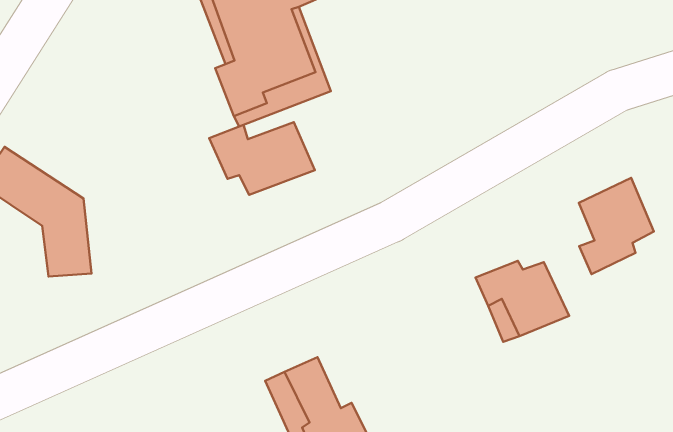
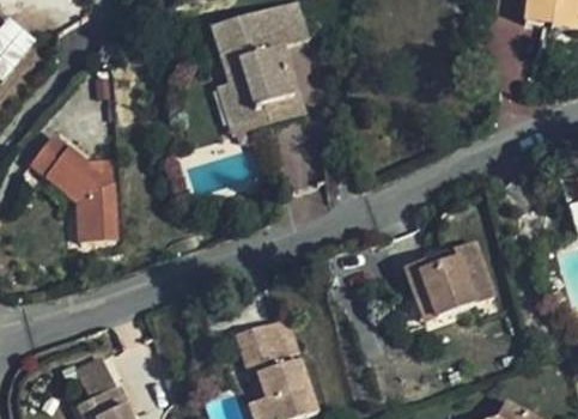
building: [209,122,315,195] -> none
building: [579,178,654,274] -> none

